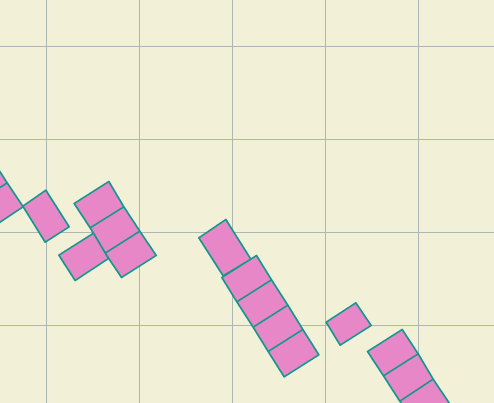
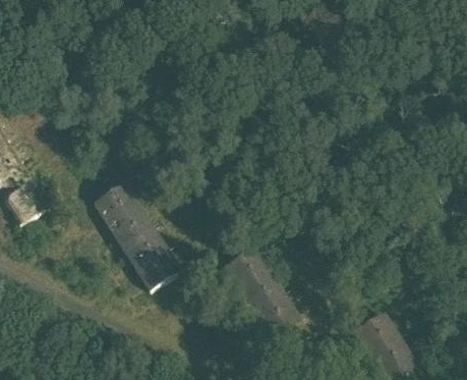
building: [23,190,69,242] -> none
building: [199,220,251,276] -> none
building: [59,233,108,281] -> [135,246,179,287]
building: [326,303,371,345] -> none

